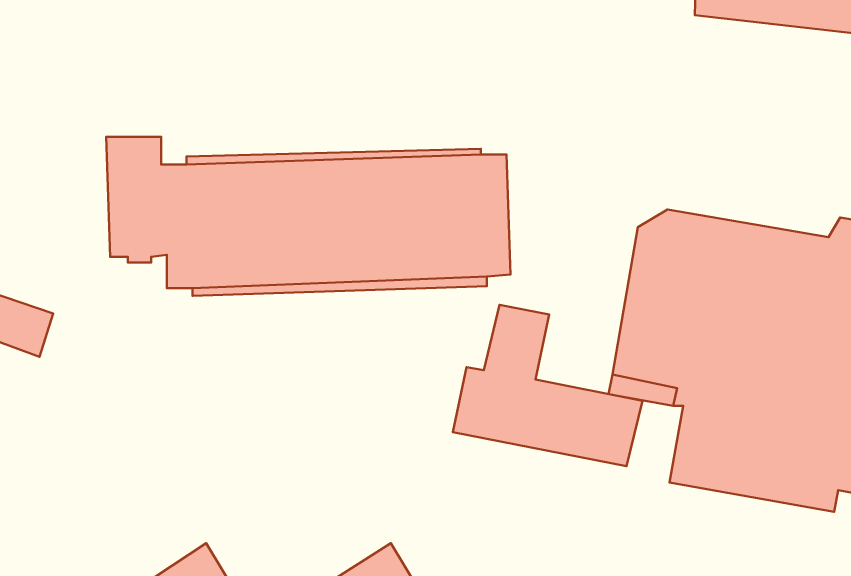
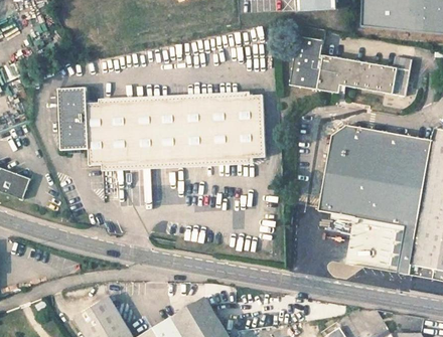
building: none -> [291,27,411,96]
building: [453,305,642,466] -> none

